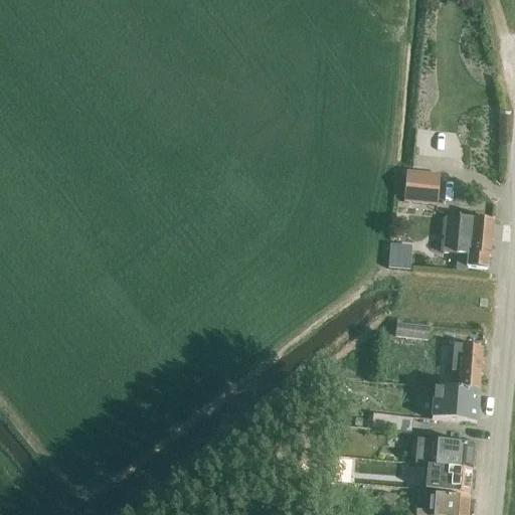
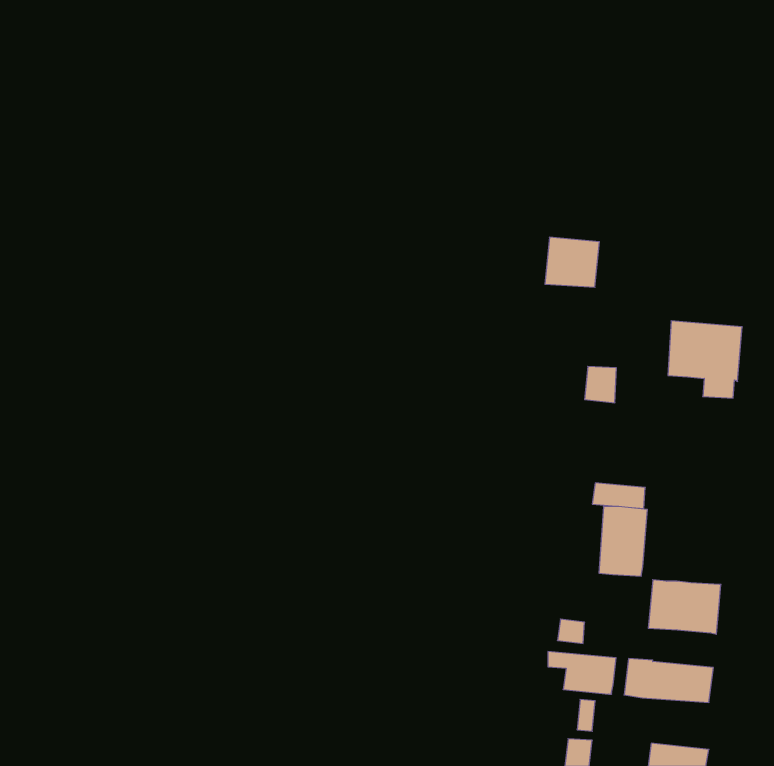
building: [402,168,439,201] -> [545,237,599,287]
building: [450,342,482,388] -> [599,506,647,576]
building: [426,464,472,492] -> [548,652,616,694]

